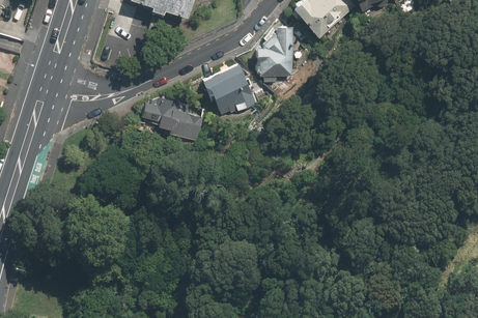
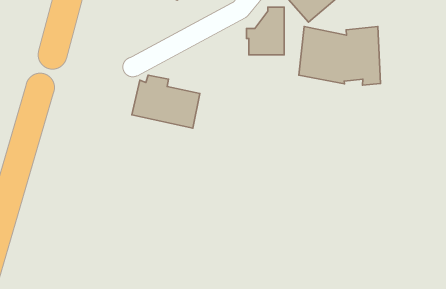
building: none -> [299,26,381,85]
building: [200,62,261,115] -> none

